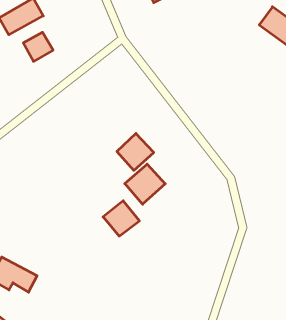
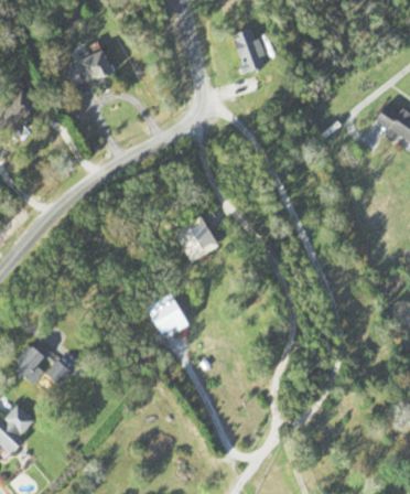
building: [23,32,53,61] -> none
building: [125,164,165,204] -> none

